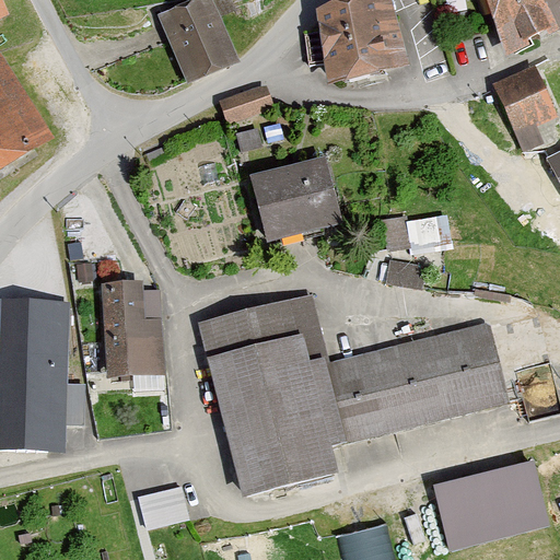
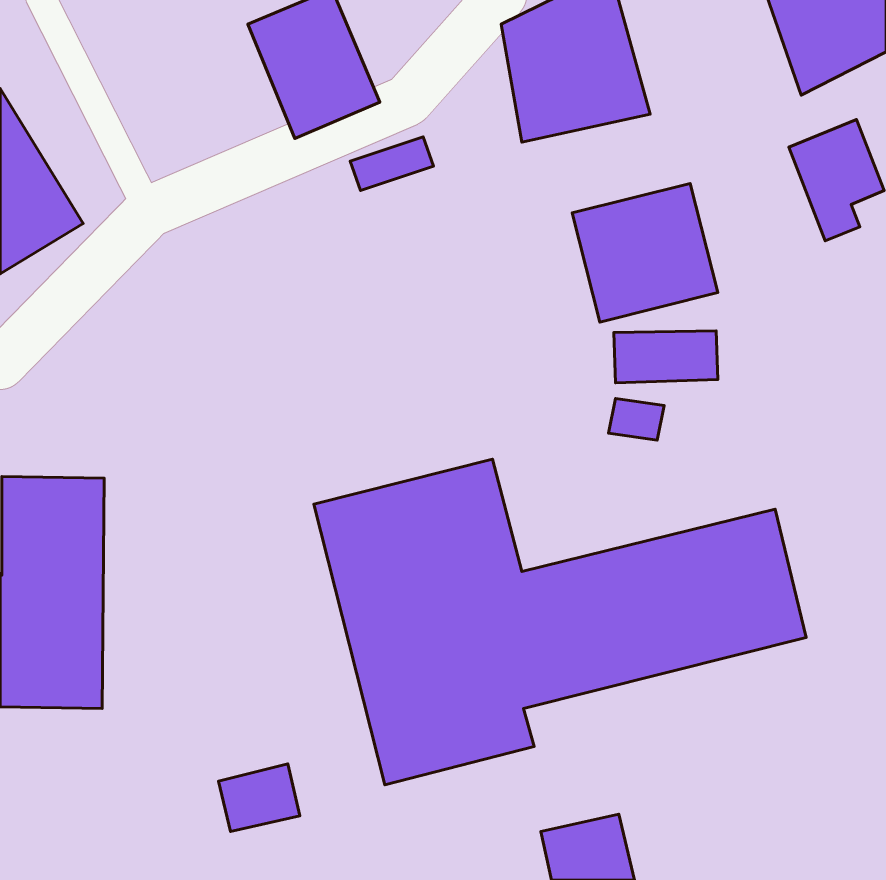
building: [250,160,342,247] -> [572,183,718,322]
building: [98,282,165,376] -> none
building: [435,459,549,548] -> none

